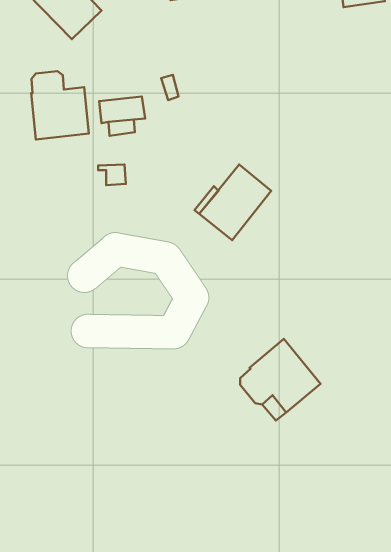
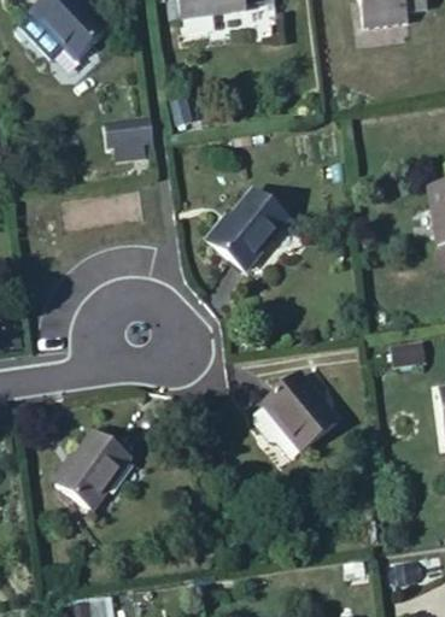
building: [31,71,89,140] -> none
building: none -> [57,430,130,510]

